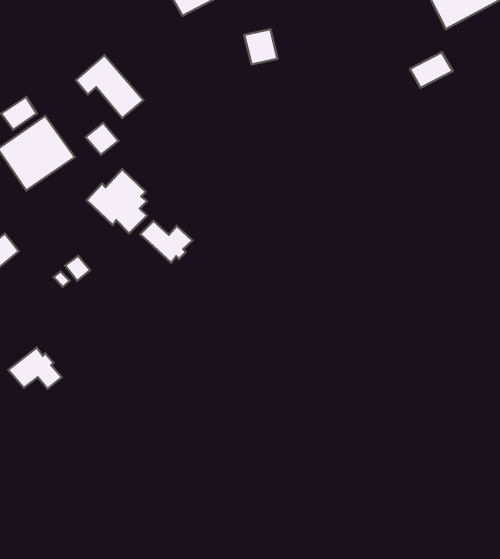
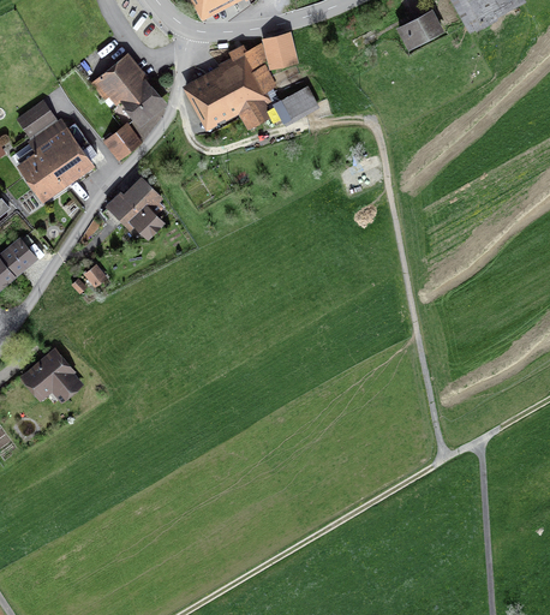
building: none -> [192,42,275,130]
building: [410,52,453,88] -> [399,12,442,48]
building: none -> [275,89,316,123]
building: [140,221,193,263] -> none

